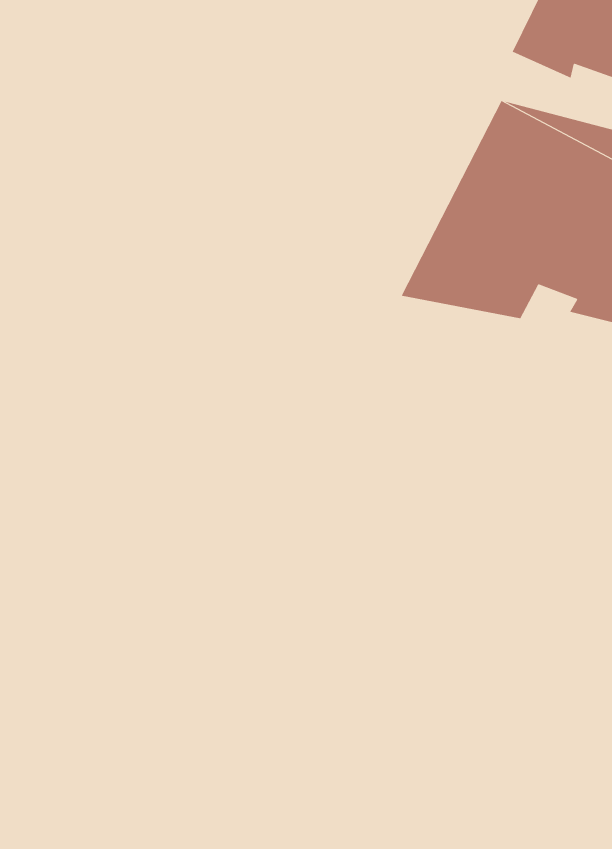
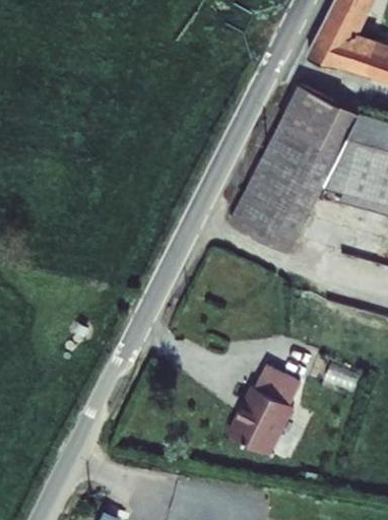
building: none -> [230,198,312,258]
building: none -> [227,360,304,453]

